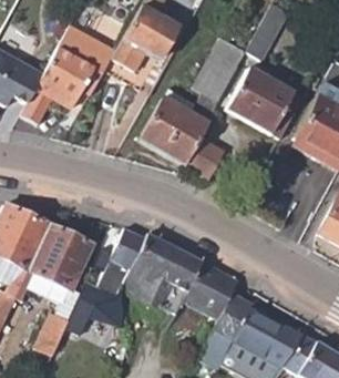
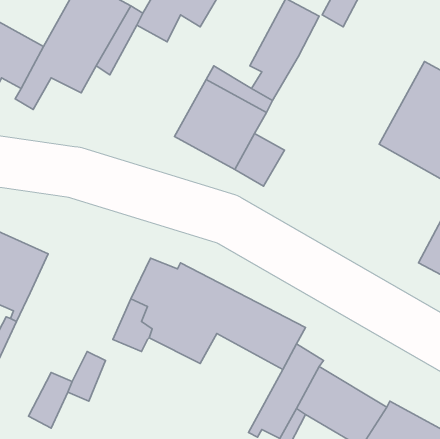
building: [227,67,305,139] -> none
building: [24,226,91,292] -> none

